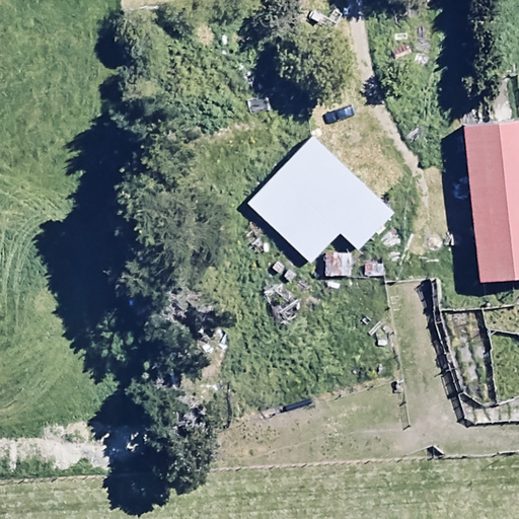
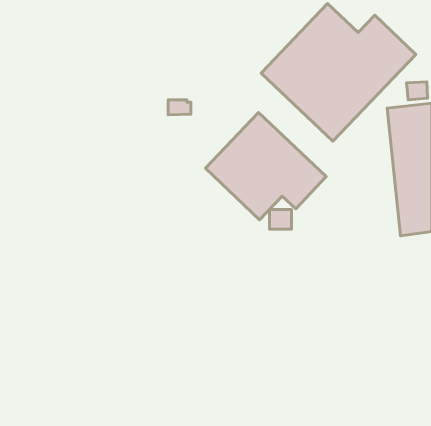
building: none -> [261,3,416,141]

